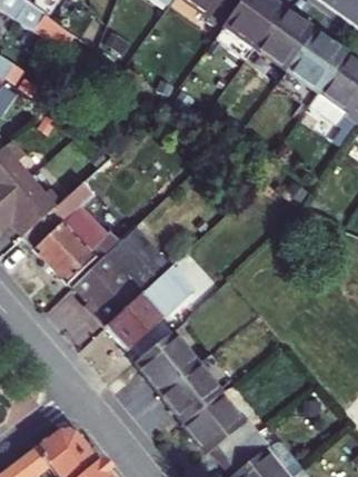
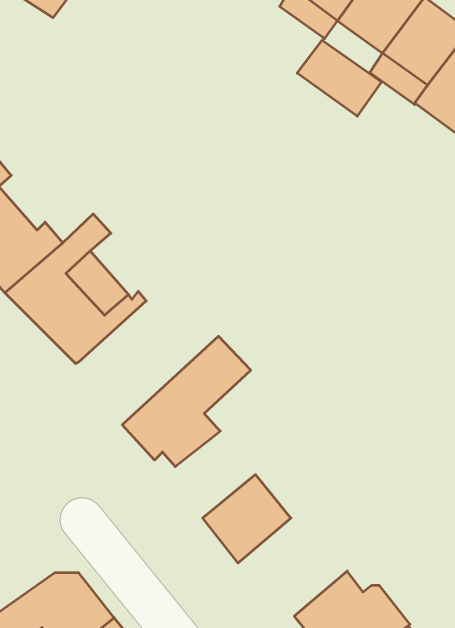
building: none -> [297,40,382,116]
building: [74,227,171,326] -> none
building: [135,330,197,390] -> none
building: [185,390,260,458] -> none

